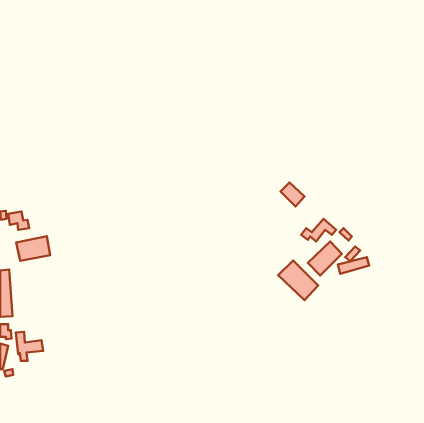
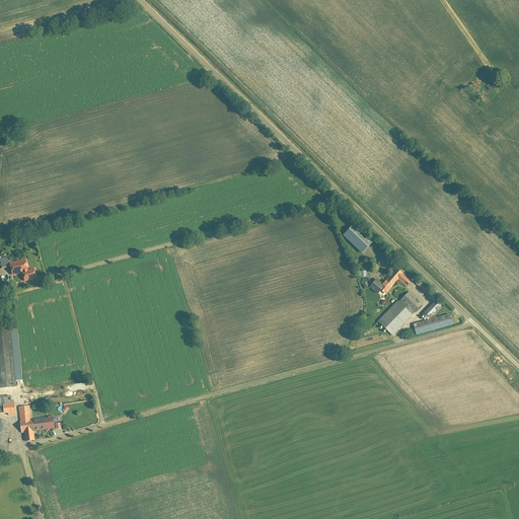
building: [16,236,50,261] -> none
building: [278,260,318,300] -> none

